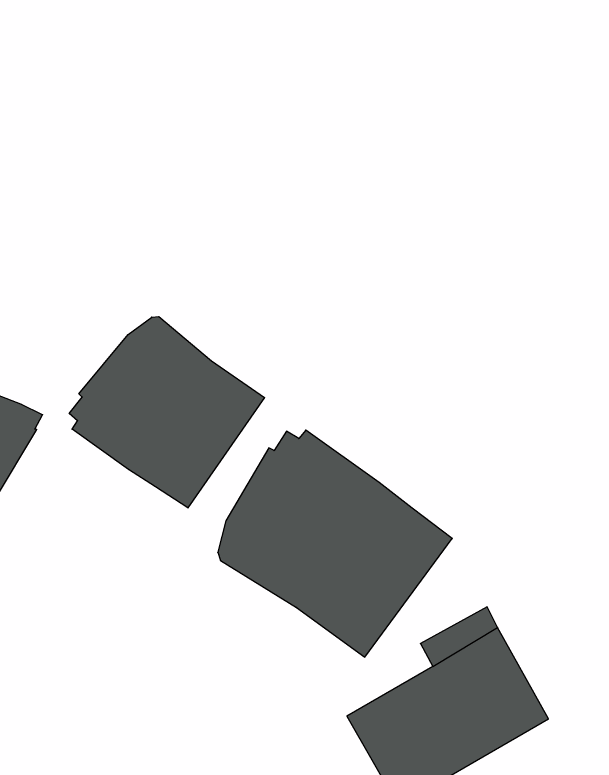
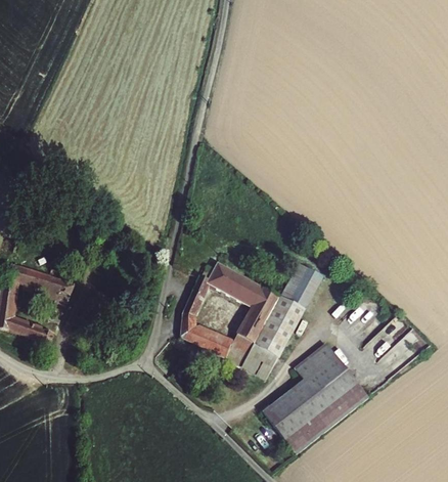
building: [69,317,265,508] -> none
building: none -> [281,262,323,309]

